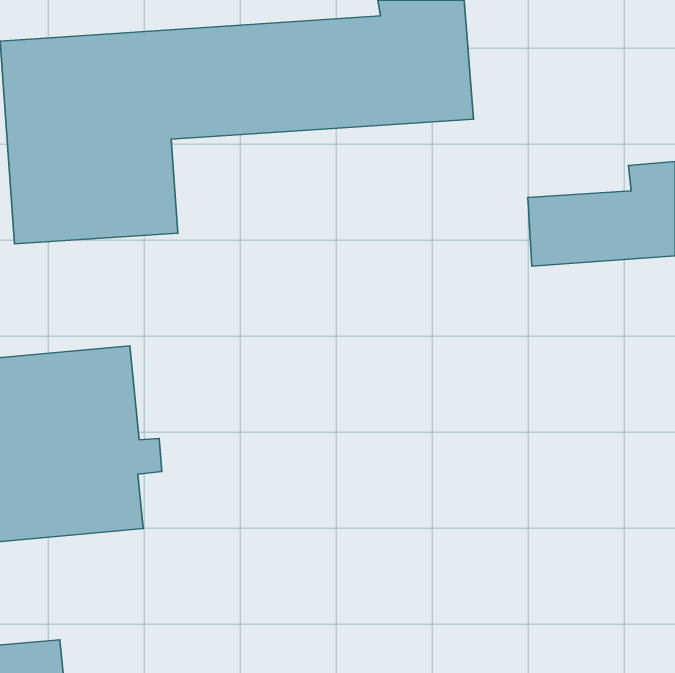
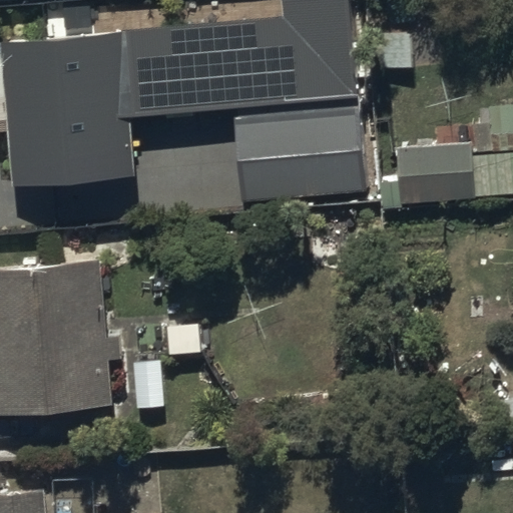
building: none -> [235,110,369,202]

